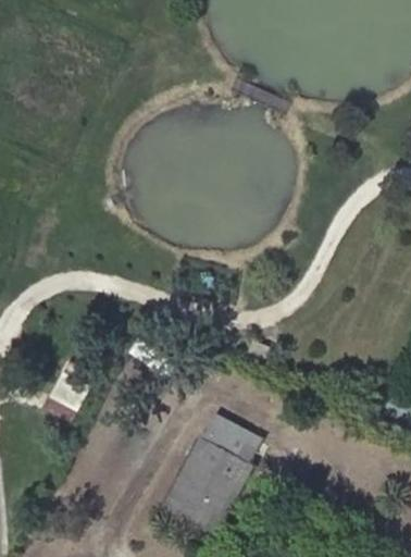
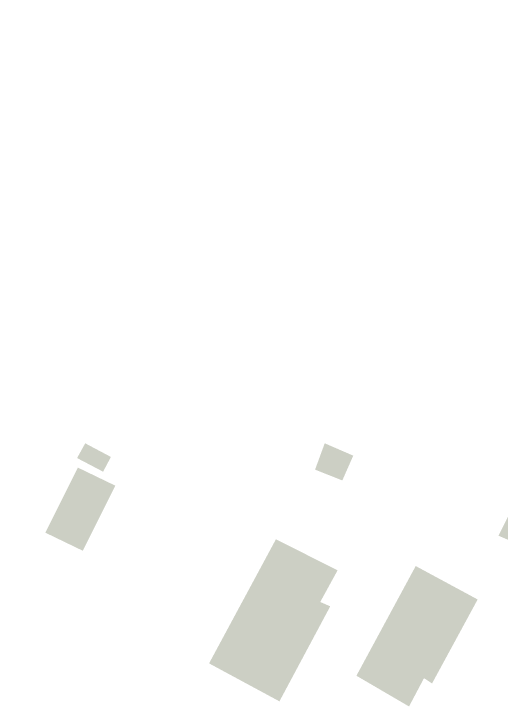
building: none -> [356,565,478,707]

